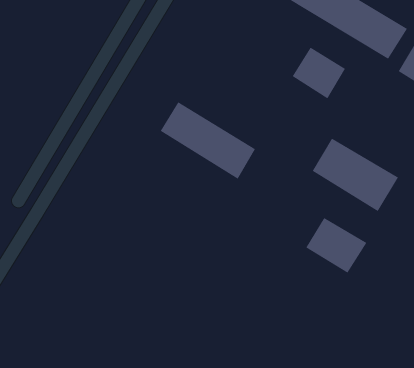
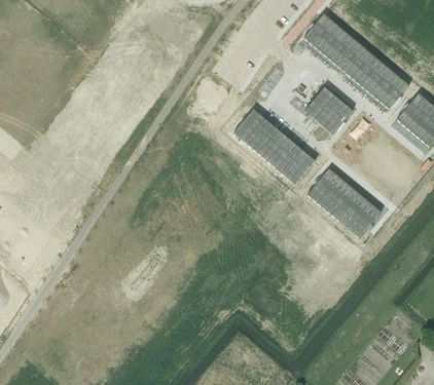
building: [160,102,256,179] -> [232,109,313,184]
building: [306,217,367,273] -> none

